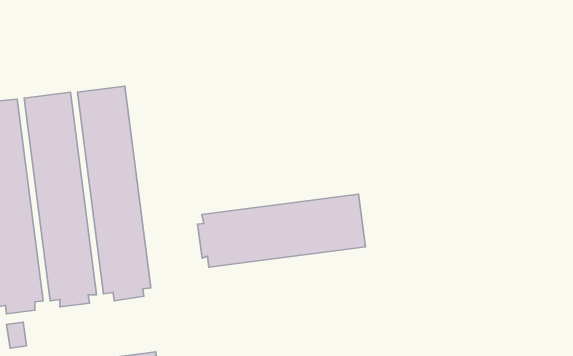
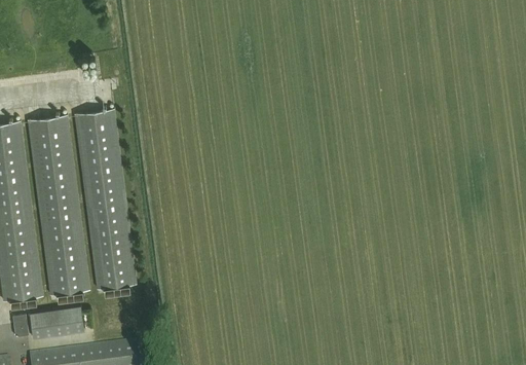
building: [198,194,365,267] -> none
building: none -> [30,303,84,336]

